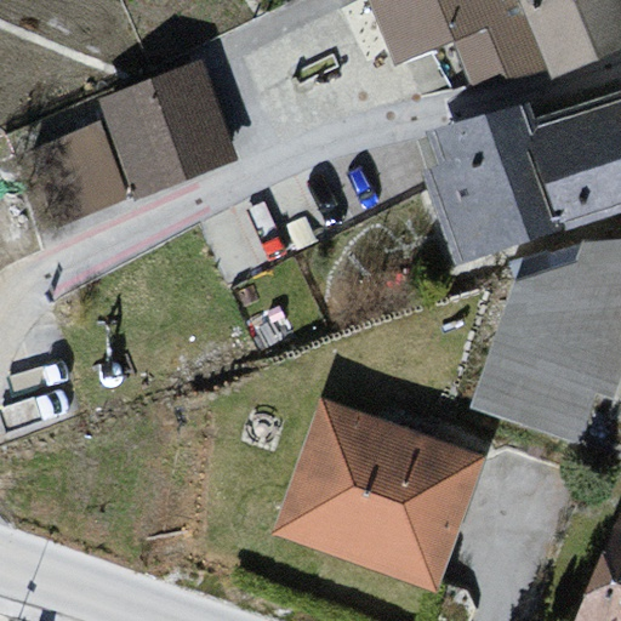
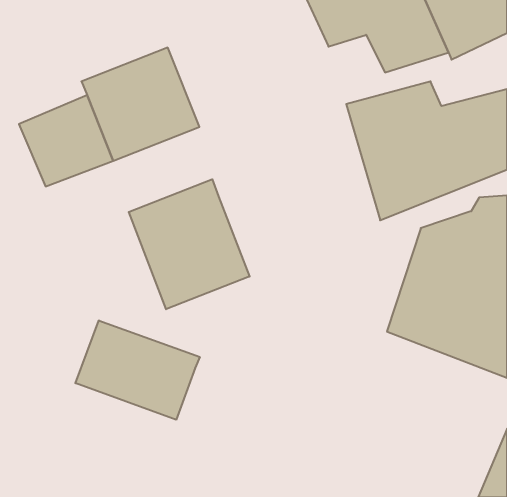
building: none -> [129,179,250,309]
building: none -> [75,320,200,420]
building: [267,395,484,593] -> none

